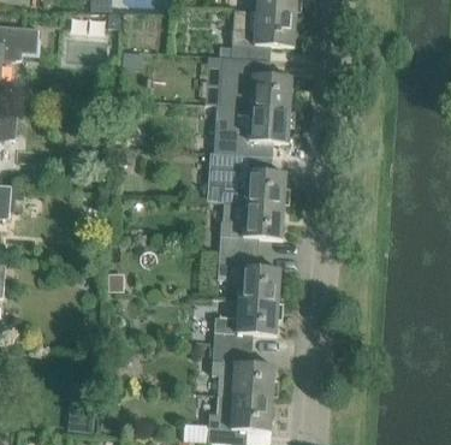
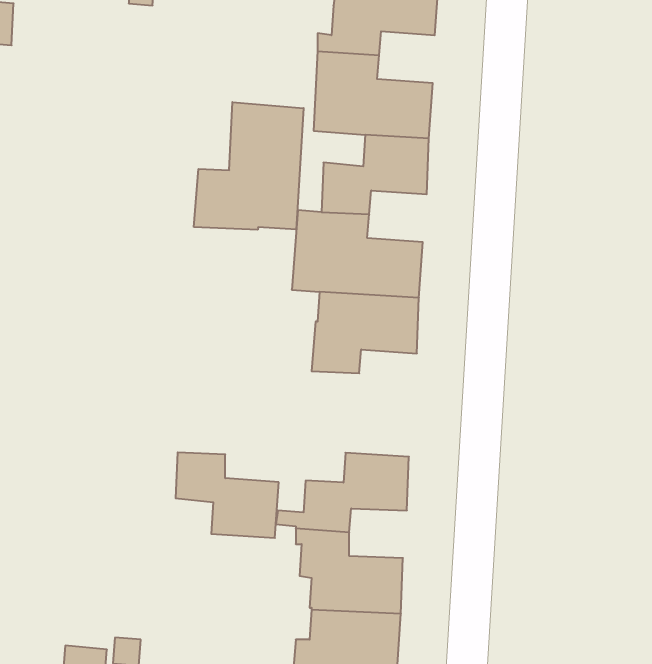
building: none -> [194,102,304,230]
building: [218,250,280,302] -> [176,452,279,538]

